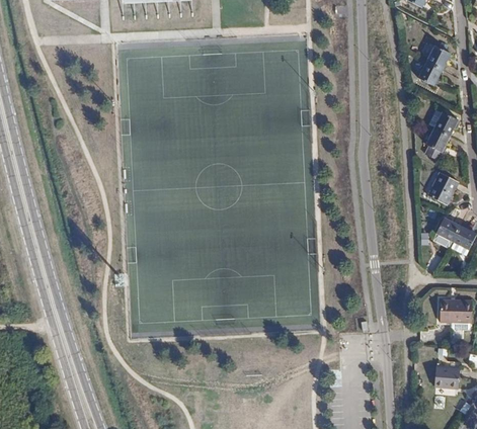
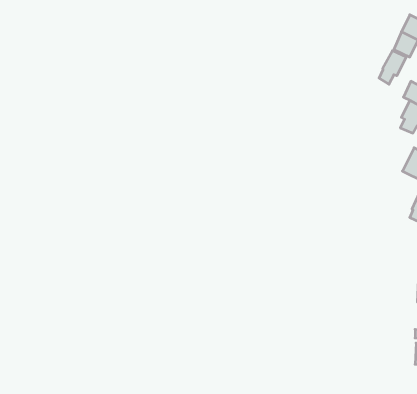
building: none -> [379,51,406,84]

